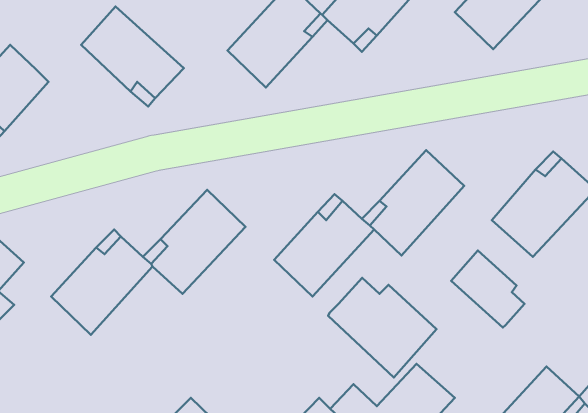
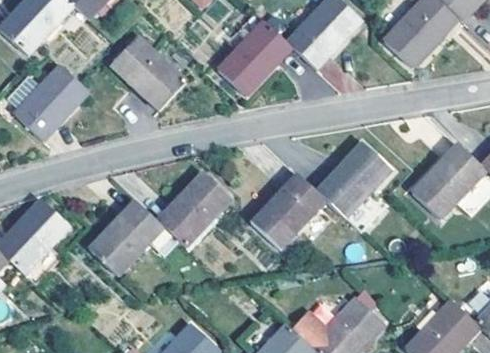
building: [451,251,525,327] -> none
building: [328,278,437,378] -> none

